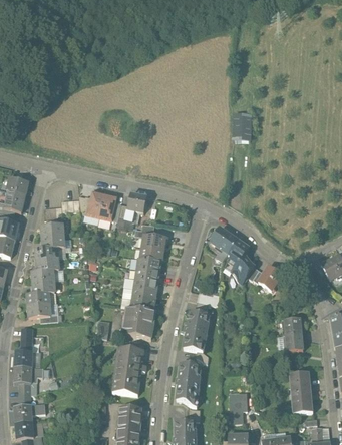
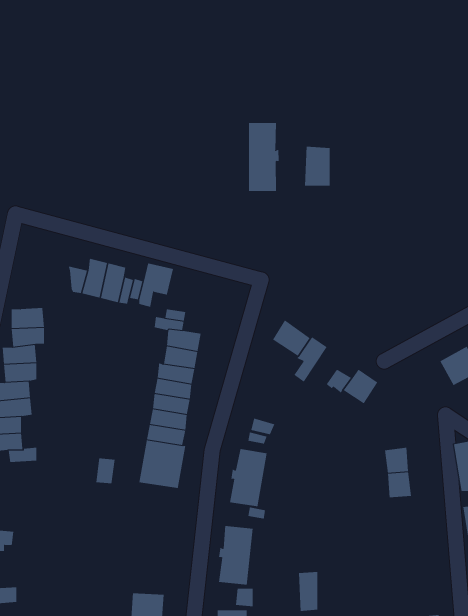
building: none -> [249,122,279,192]
building: [112,352,145,398] -> none
building: [288,371,313,413] -> none

